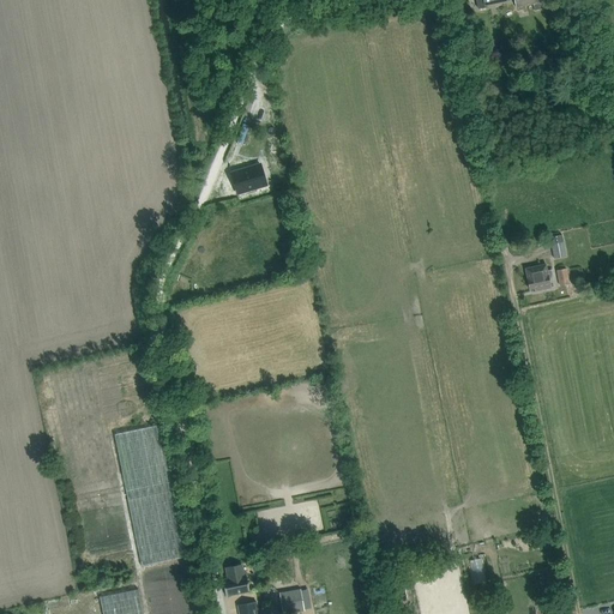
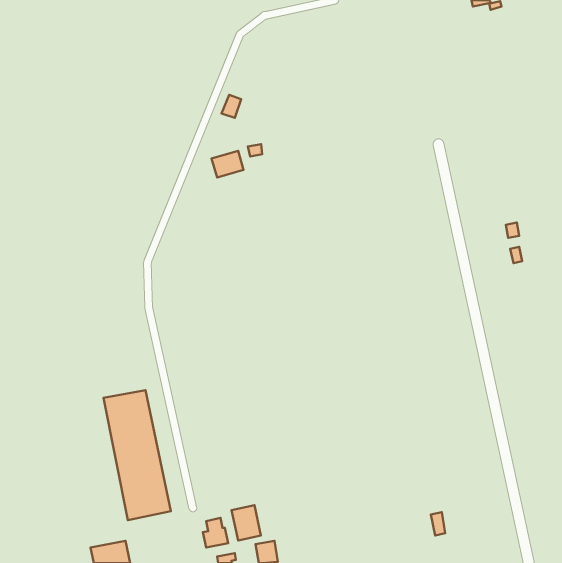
building: [524,265,553,291] -> none
building: none -> [232,505,261,540]

